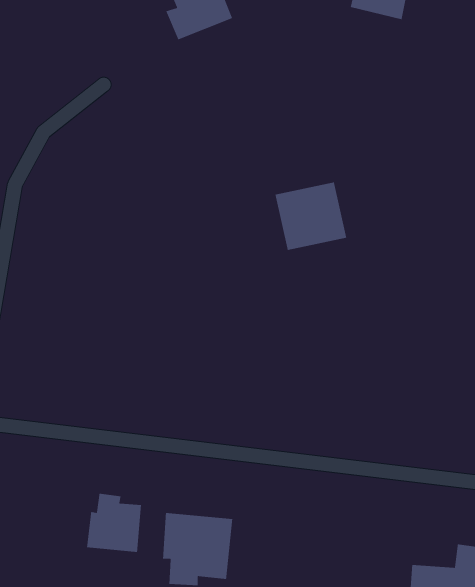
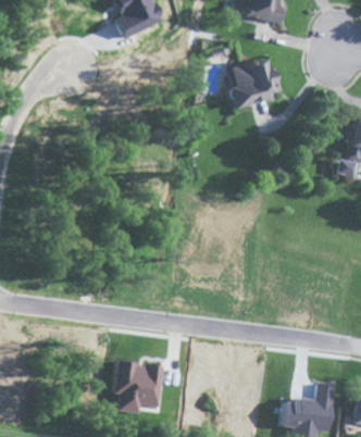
building: [275,182,347,251] -> [227,59,277,107]
building: [86,493,142,553] -> none

